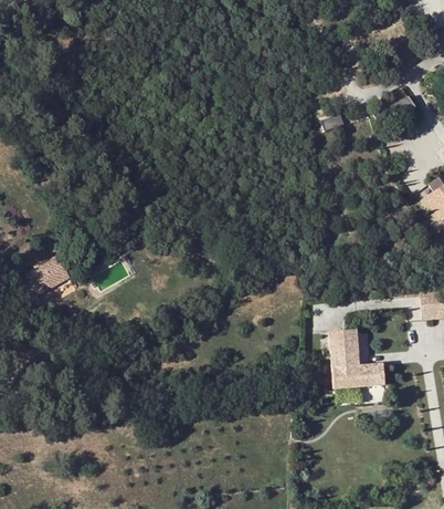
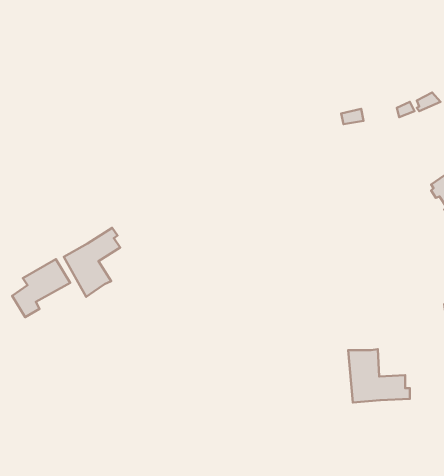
building: none -> [64,228,120,297]

